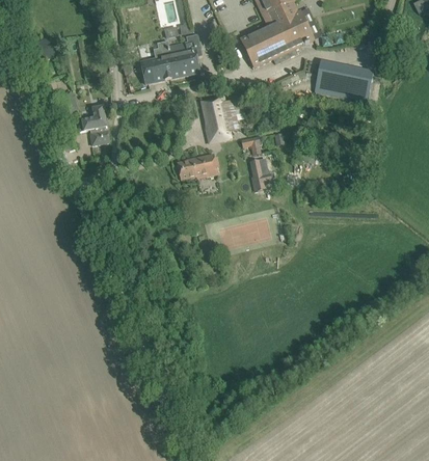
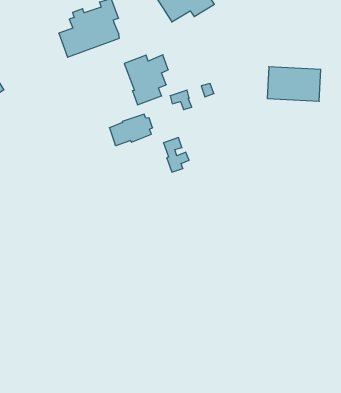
building: [315,59,372,101] -> [267,67,321,101]
building: [81,104,109,143] -> none
building: [249,157,272,190] -> [163,138,189,172]

